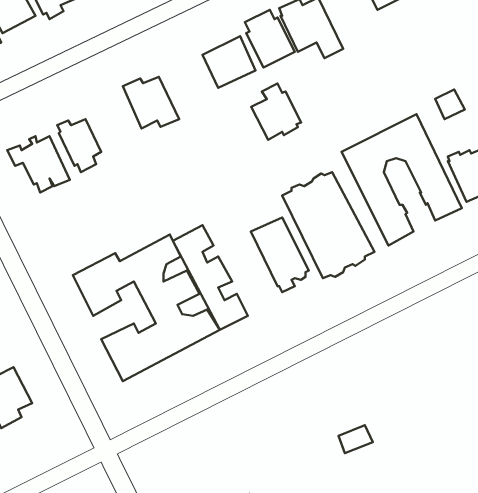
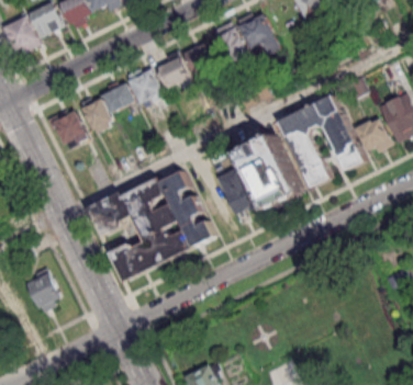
building: [251,84,301,140] -> [154,49,189,89]
building: none -> [99,80,137,113]

